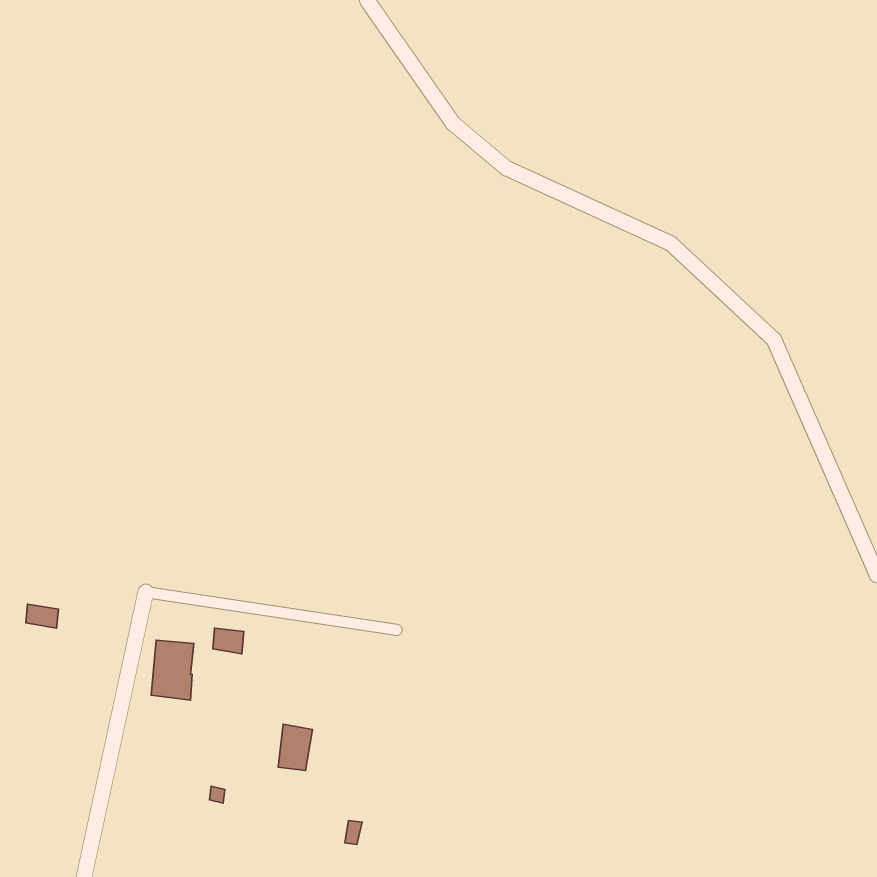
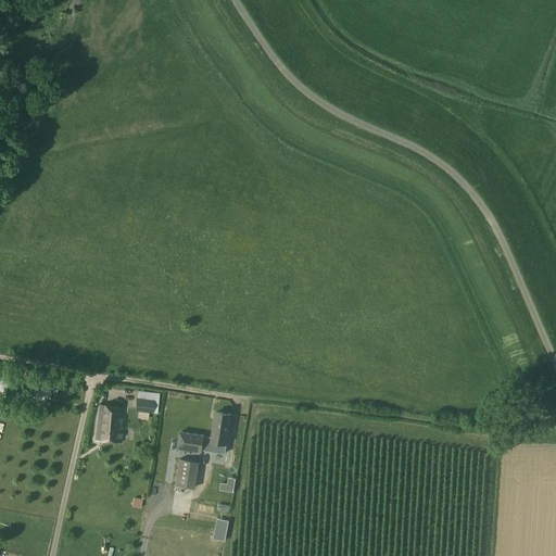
building: none -> [191,413,231,452]

